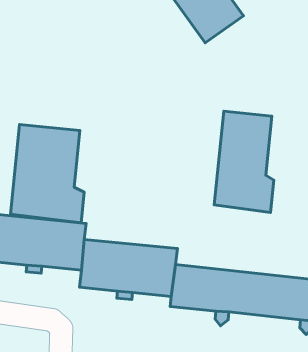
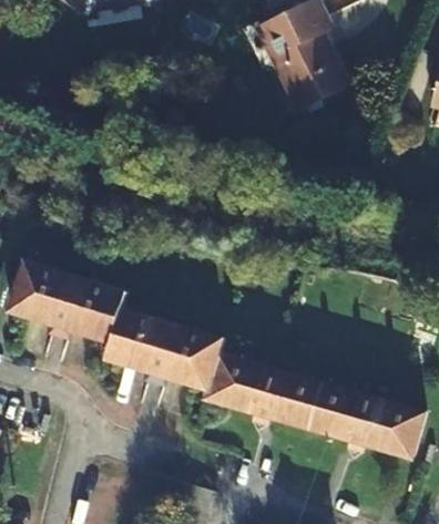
building: [214,111,274,212] -> none
building: [10,125,84,223] -> none

